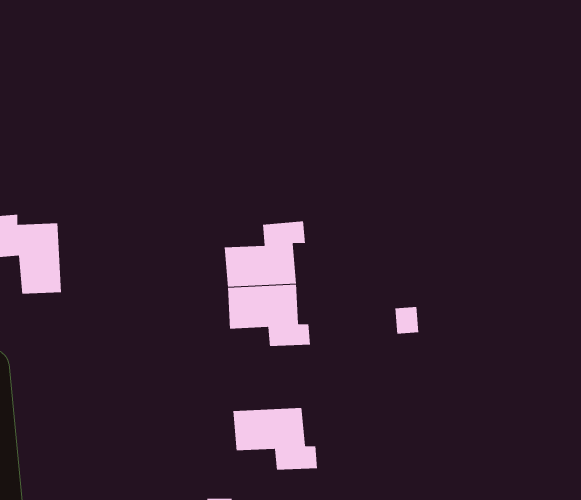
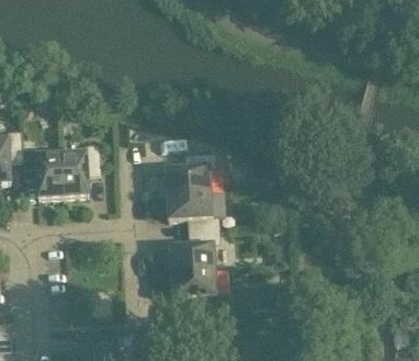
building: none -> [61,143,101,195]
building: none -> [170,228,222,270]

